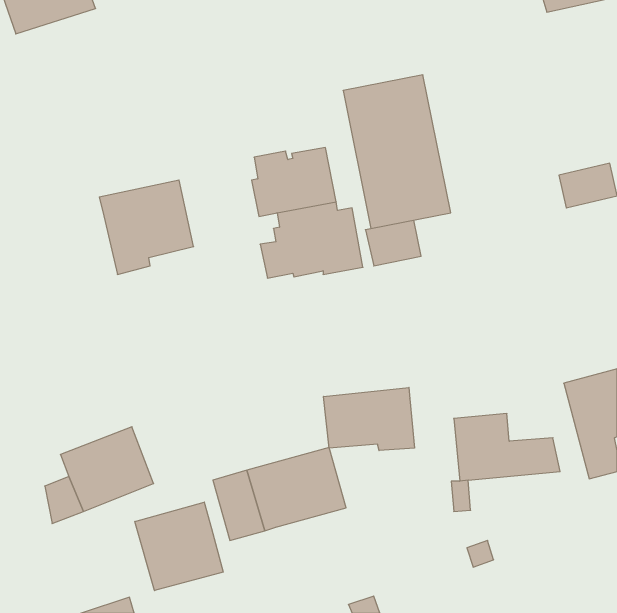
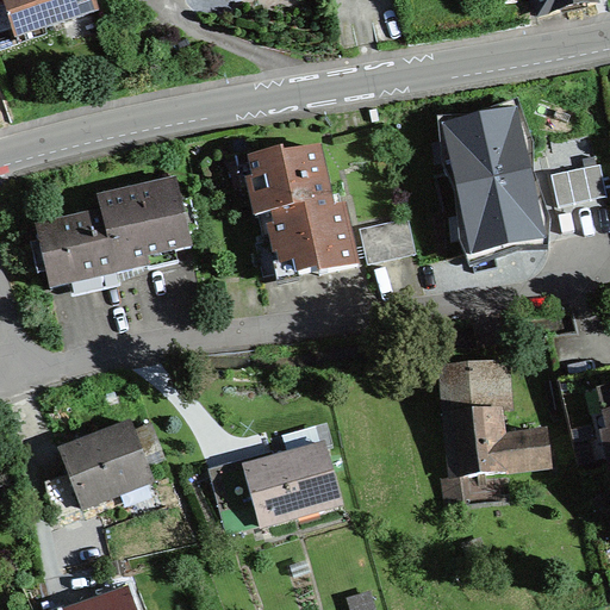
building: [343,75,451,228] -> [442,105,548,256]
building: none -> [36,208,116,285]
building: none -> [442,362,499,412]
building: [324,387,414,451] -> none
building: [135,502,223,591] -> none

